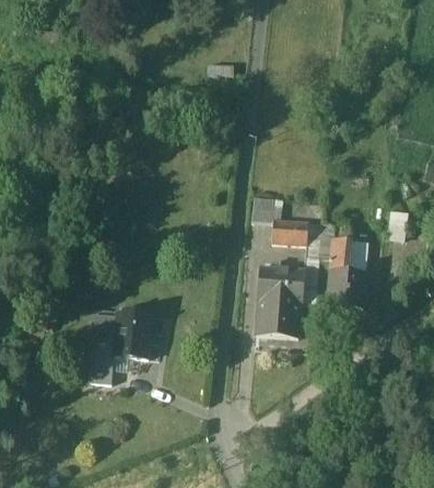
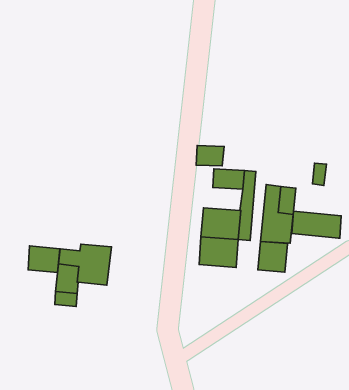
building: none -> [292,211,341,238]
building: none -> [258,241,288,272]
building: none -> [28,246,60,273]

